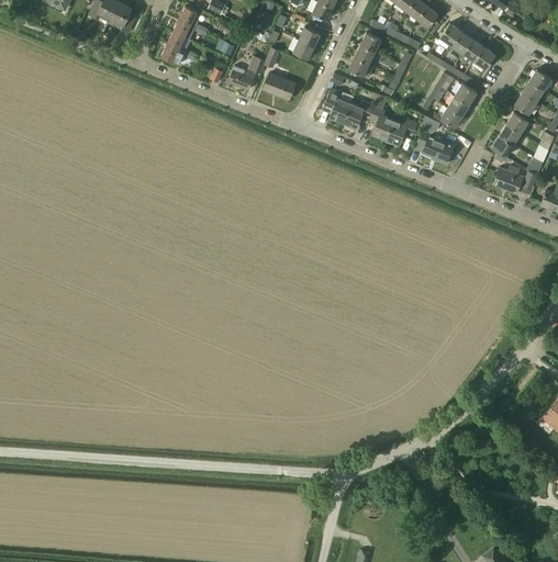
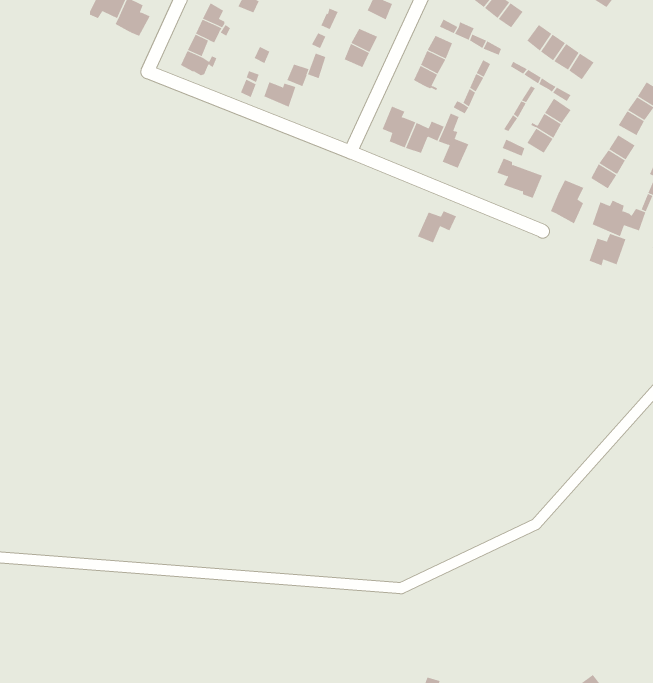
building: [264,72,295,100] -> none
building: [386,119,417,145] -> [417,211,457,243]
building: none -> [550,179,584,224]
building: none -> [589,233,626,266]

